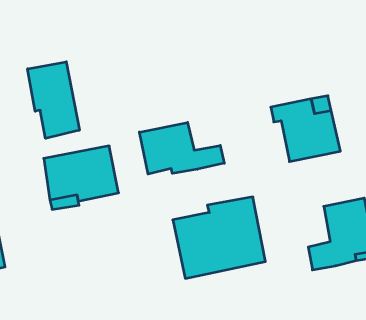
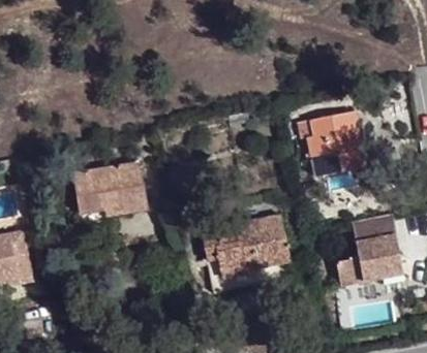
building: [28,62,79,138] -> none
building: [139,122,224,174] -> none

